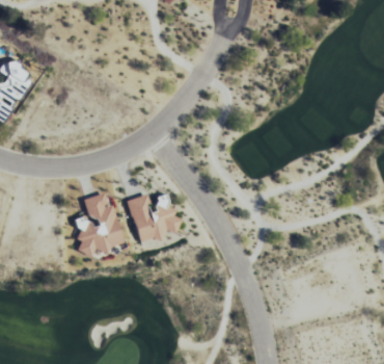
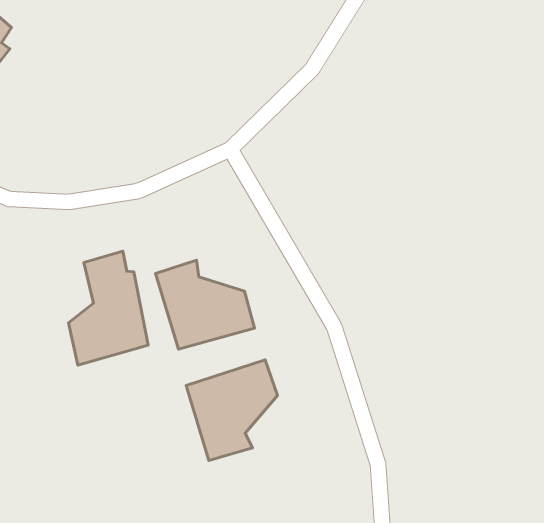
building: none -> [186,360,278,460]

